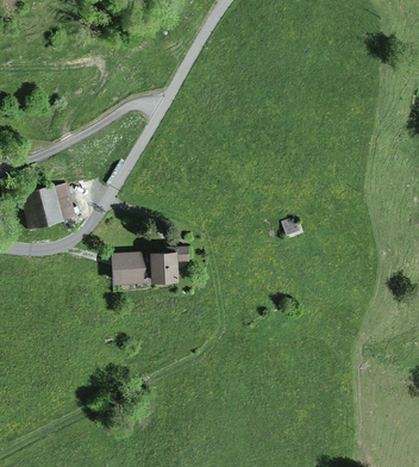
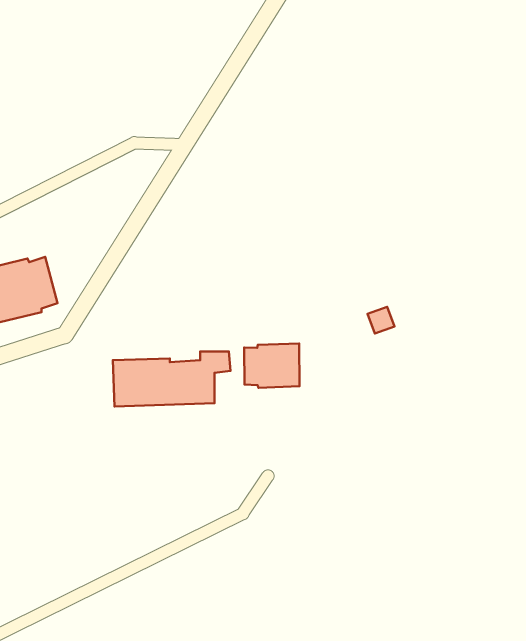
building: none -> [244,343,300,388]

